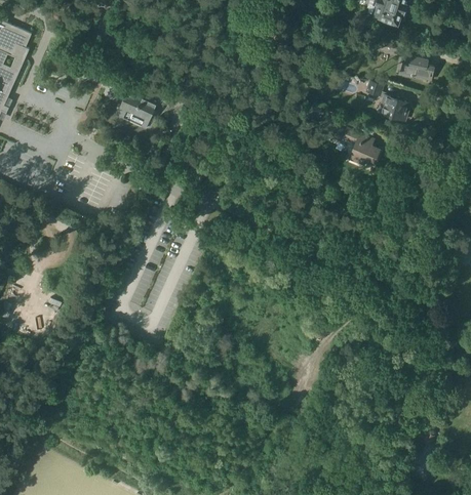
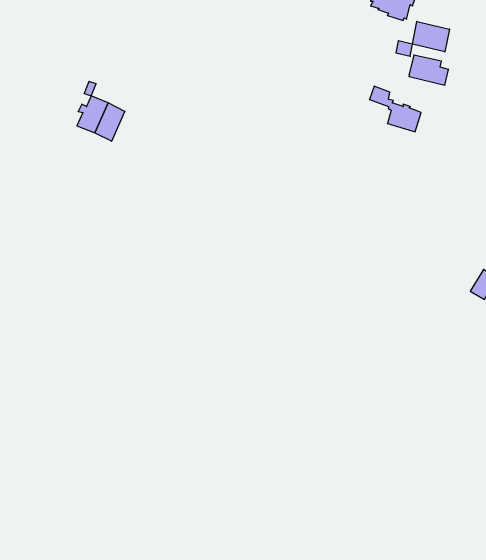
building: none -> [413,21,449,52]
building: [343,128,381,165] -> none

